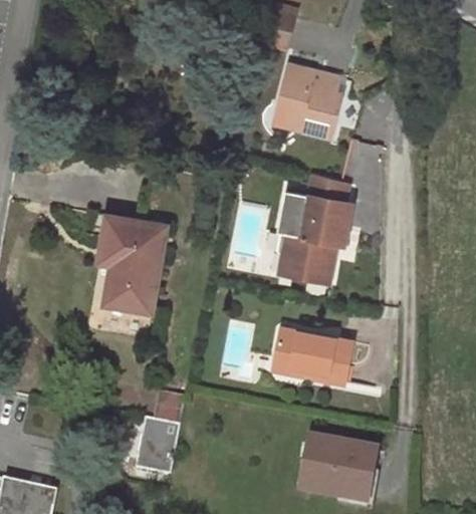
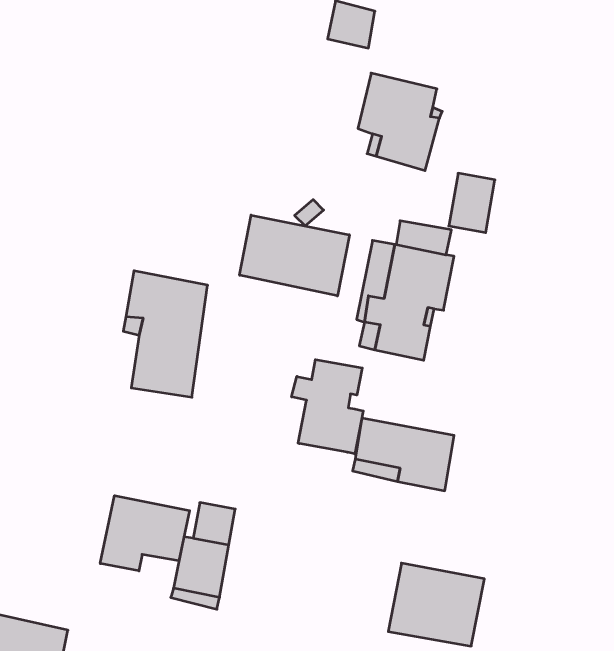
building: none -> [240,215,349,296]
building: none -> [292,360,363,454]
building: none -> [100,496,190,571]

